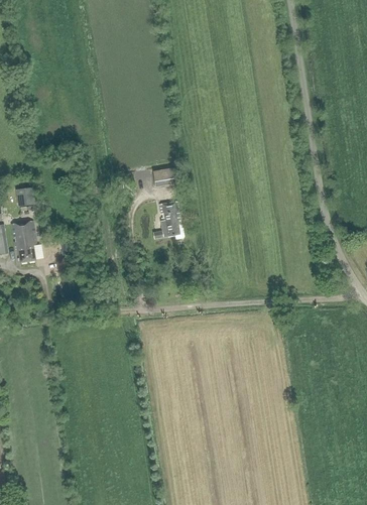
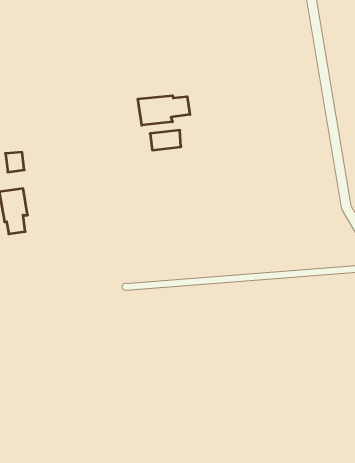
building: none -> [138,96,190,125]
building: [152,202,182,239] -> none

